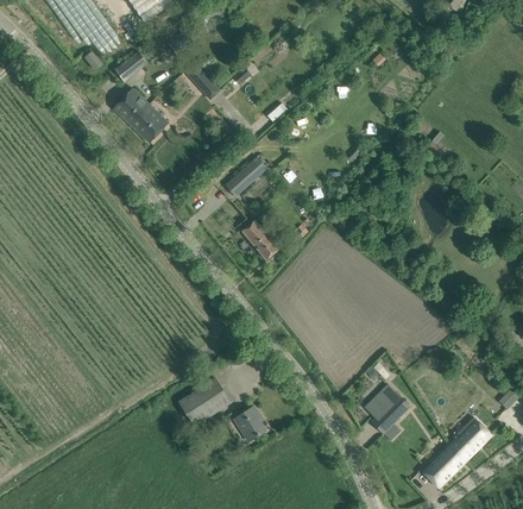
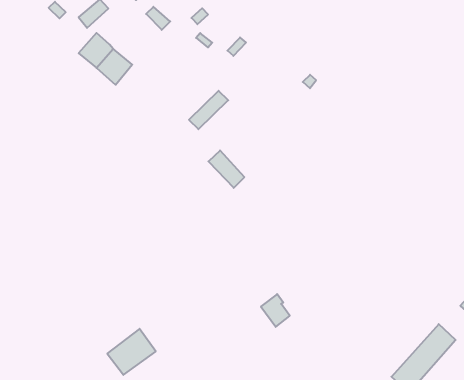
building: [179,378,231,426] -> [107,329,156,375]
building: [365,384,411,434] -> none
building: [235,407,265,441] -> [261,294,290,327]

